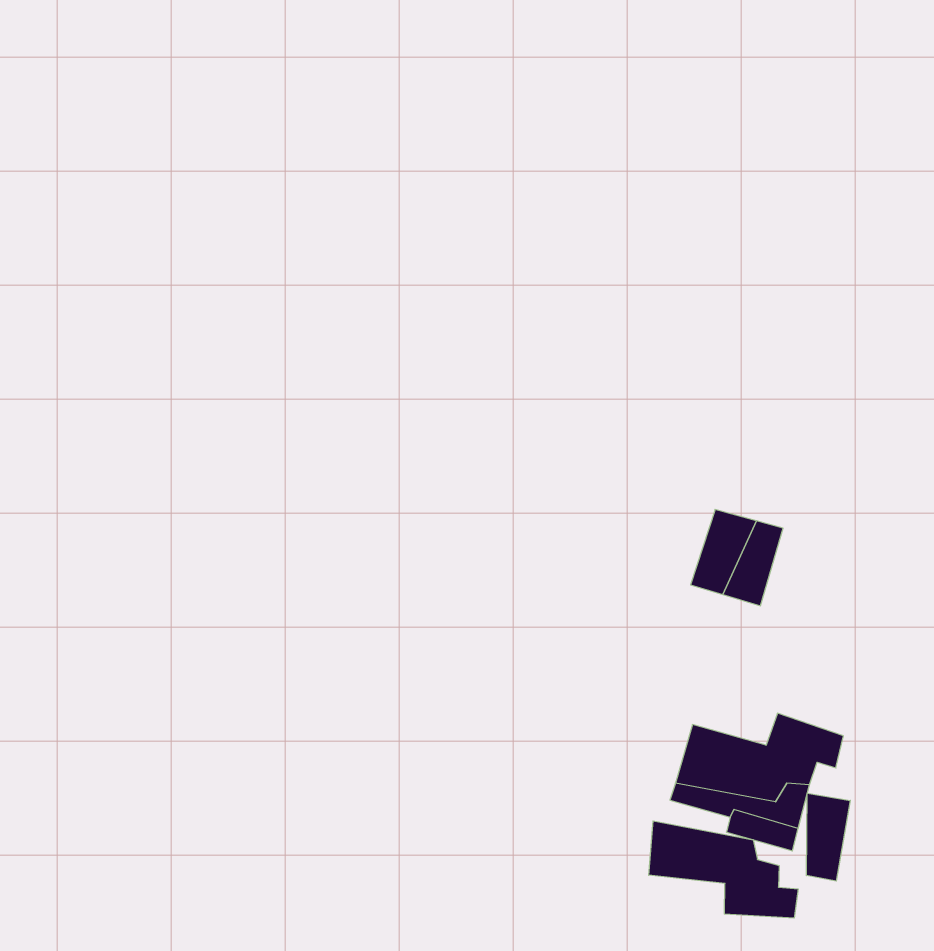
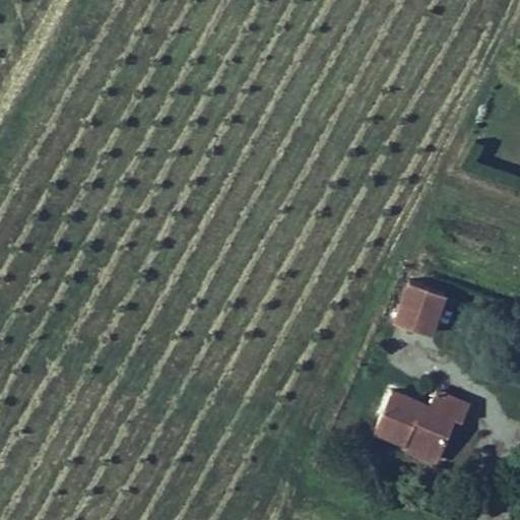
building: [806,793,850,881] -> none
building: [649,821,798,918] -> none

